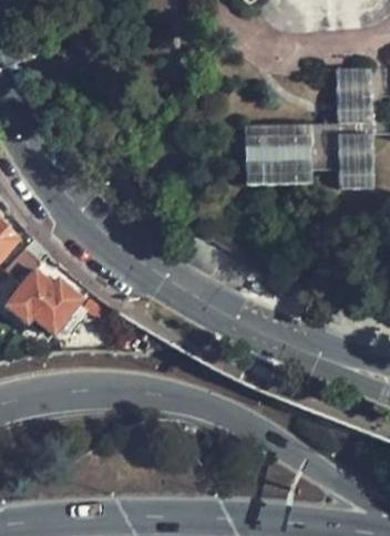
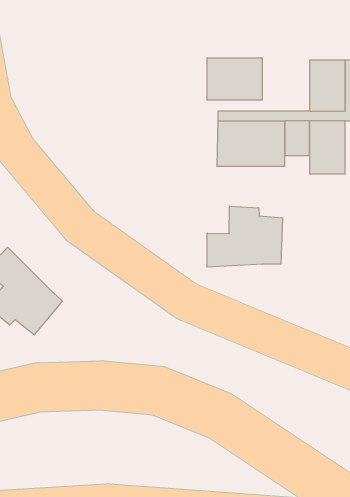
building: none -> [207,58,262,100]
building: none -> [207,206,283,267]

